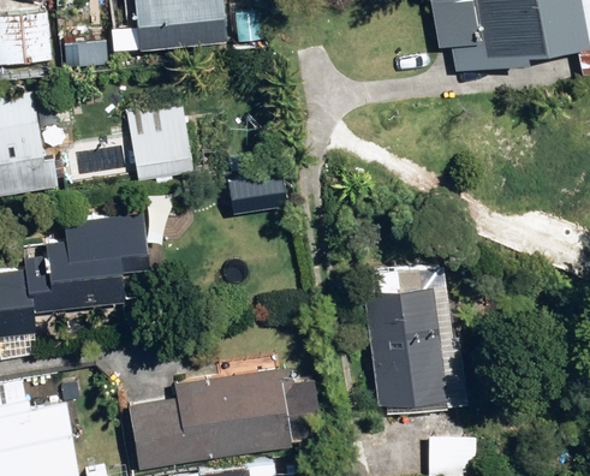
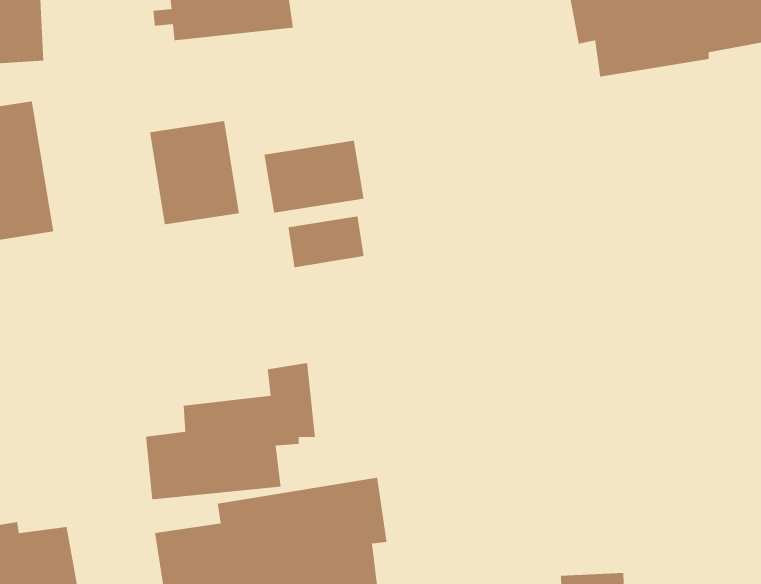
building: none -> [264,140,364,214]
building: [24,212,149,313] -> [145,362,316,500]
building: [362,263,471,416] -> none

